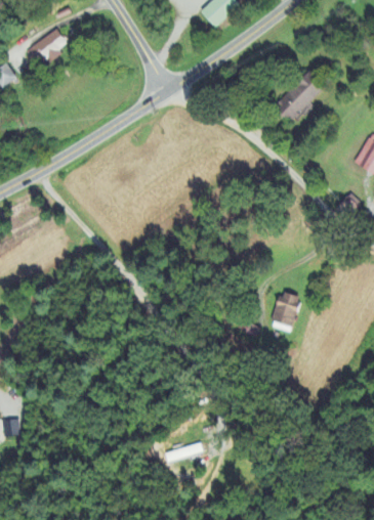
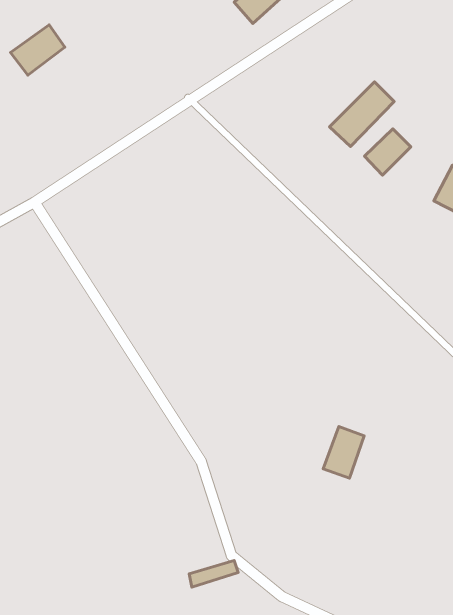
building: none -> [364,129,411,175]
building: [269,292,301,332] -> [323,426,364,478]

